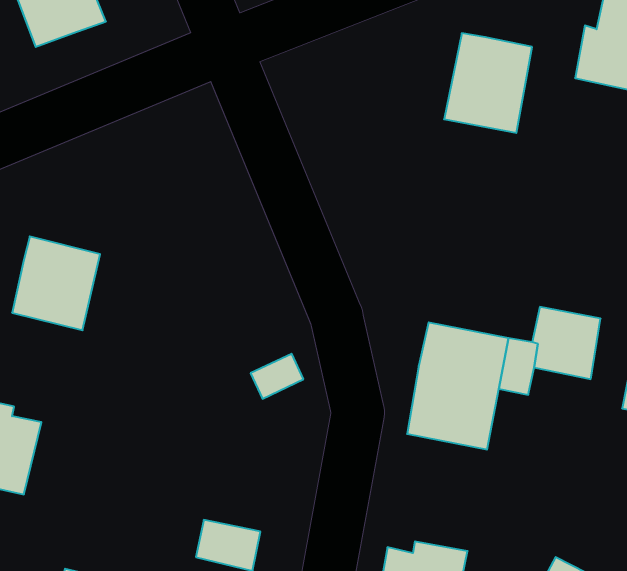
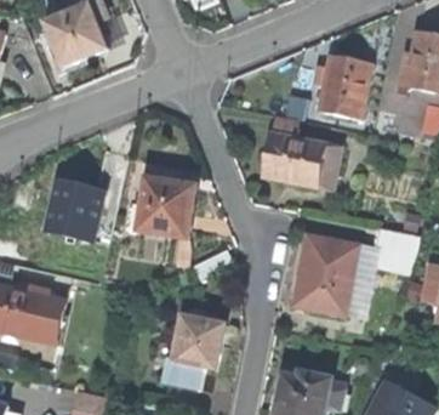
building: none -> [262,130,338,187]
building: none -> [137,170,193,237]
building: none -> [172,315,223,369]

